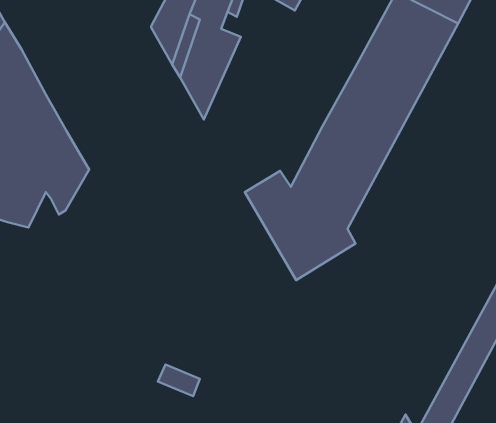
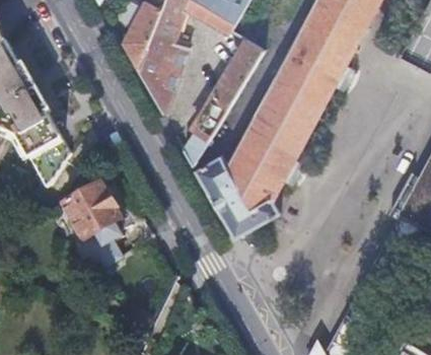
building: none -> [183,39,265,166]
building: none -> [72,181,124,250]

